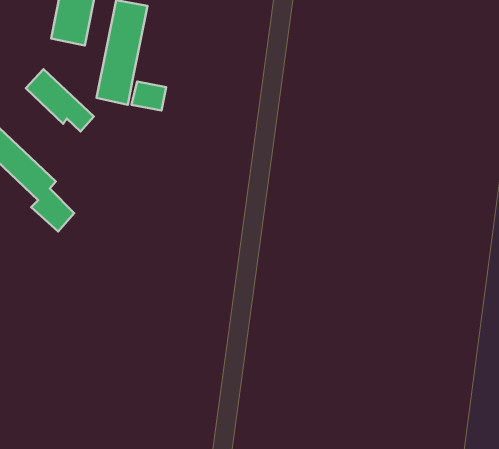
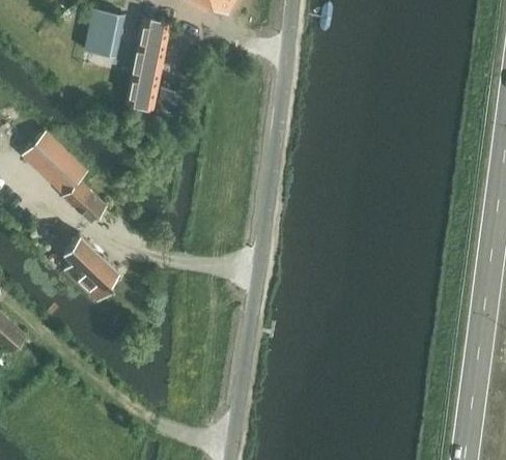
building: [26,69,94,132] -> none
building: none -> [64,235,118,300]

